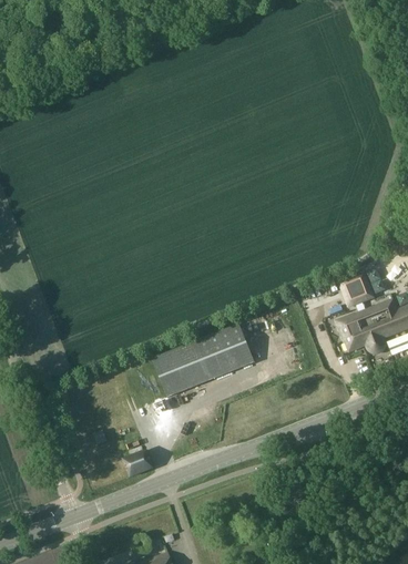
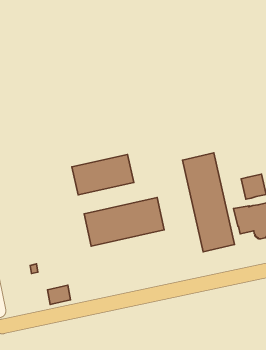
building: none -> [182,153,235,252]
building: none -> [72,154,134,195]

